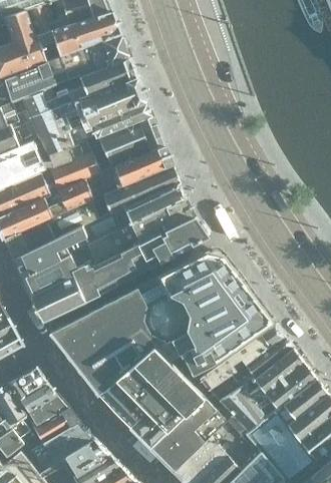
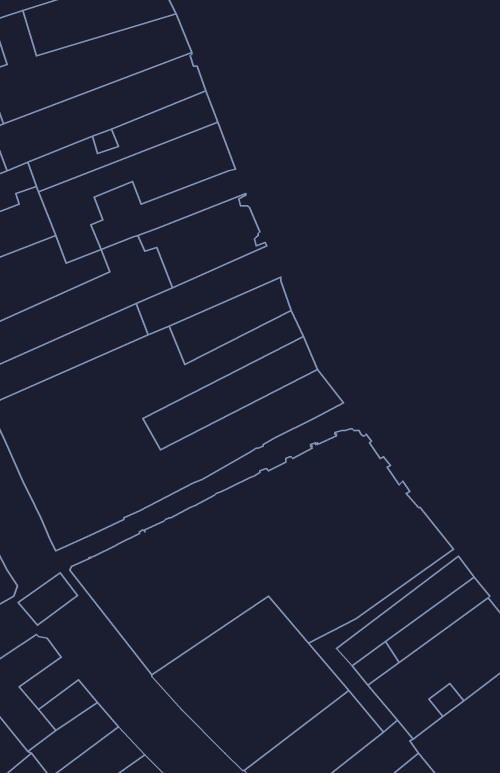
building: [62,104,151,149] -> none
building: [88,147,172,198] -> none
building: [21,384,55,414] -> [18,573,77,625]

